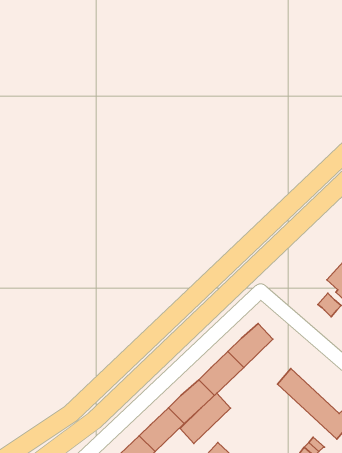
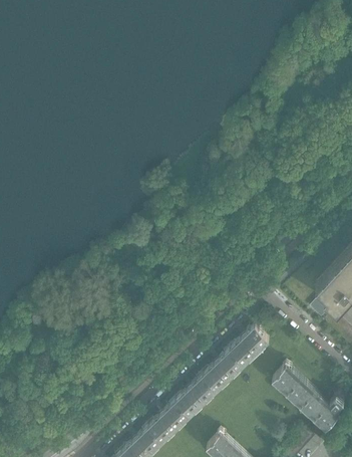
building: [180,393,231,444] -> none

